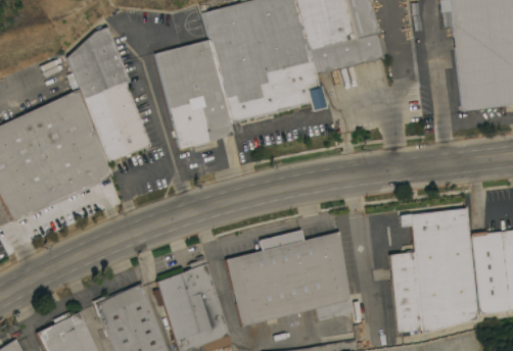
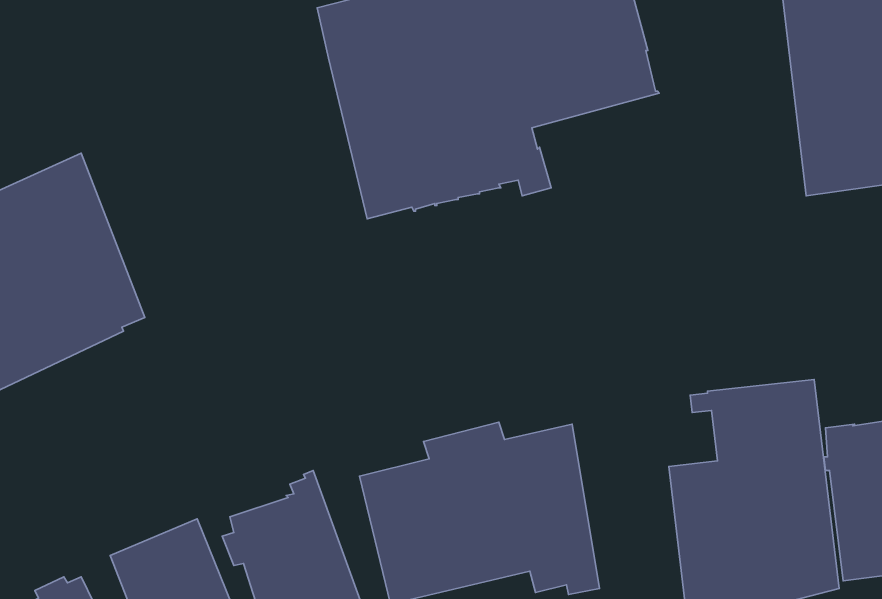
building: [66,27,149,162] -> none
building: [155,39,233,149] -> none

